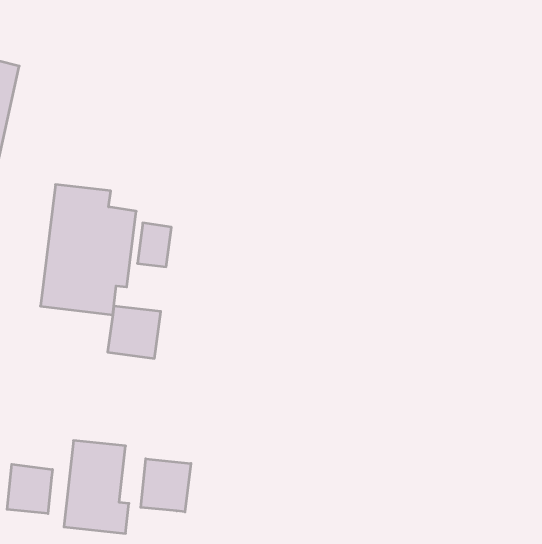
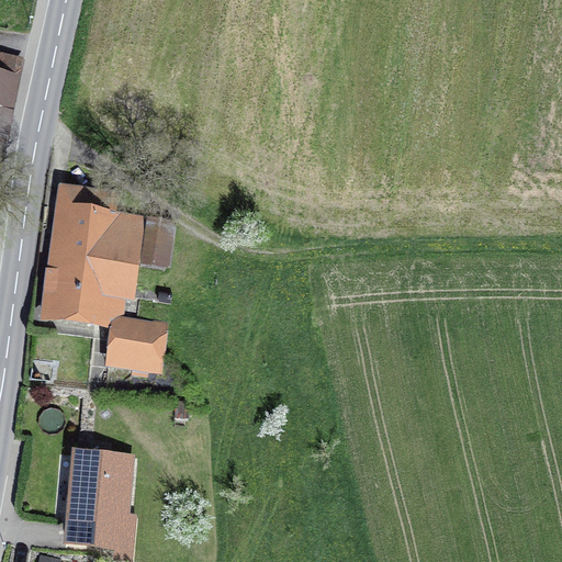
building: [141,459,191,512] -> none
building: [7,464,52,514] -> none

